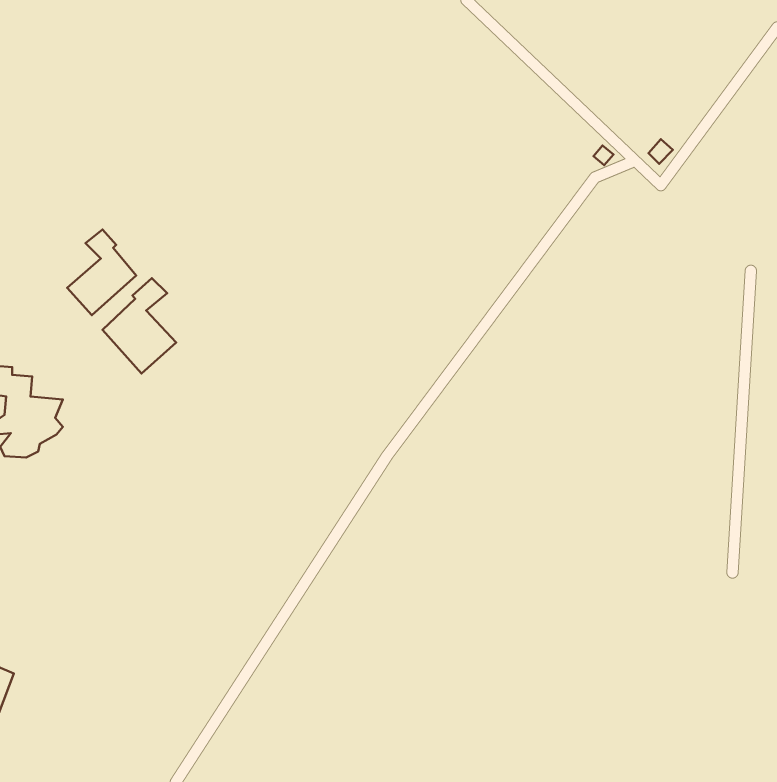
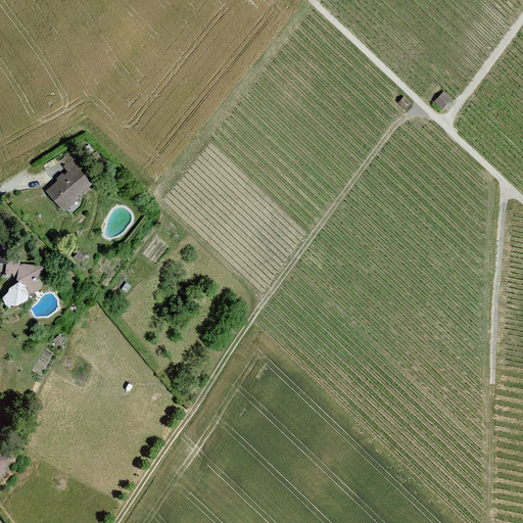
building: [102,278,176,374] -> none

